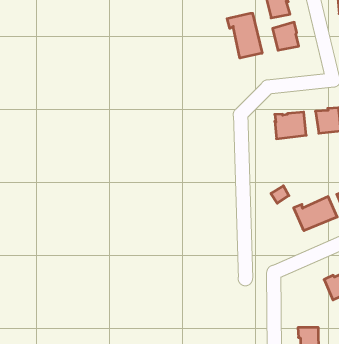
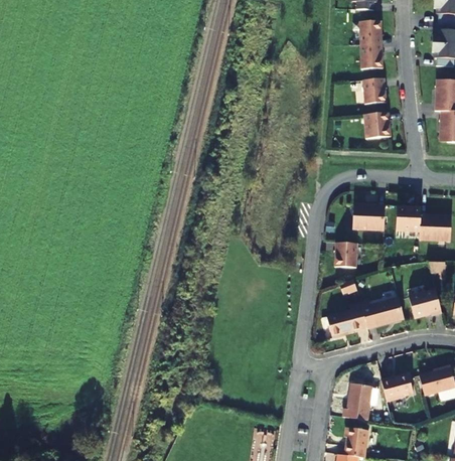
building: [227,13,262,58] -> none
building: none -> [335,243,356,268]
building: none -> [324,307,365,338]
building: none -> [341,383,370,421]

